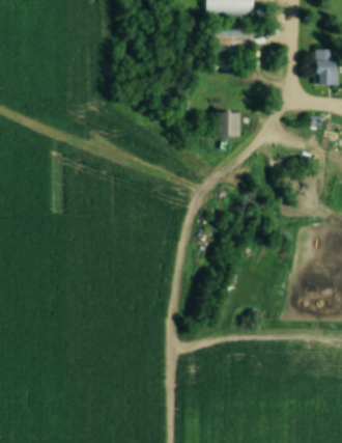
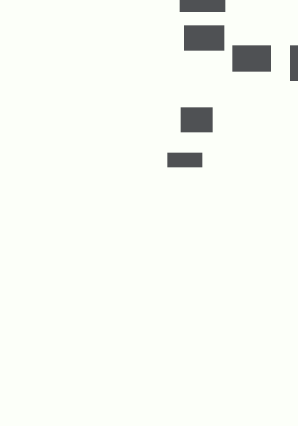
building: none -> [232,44,272,72]
building: none -> [167,152,203,168]

